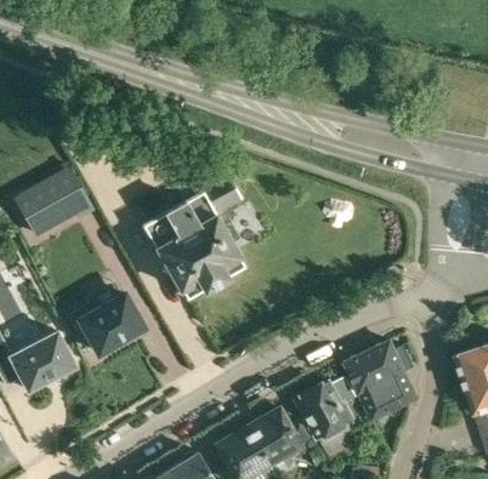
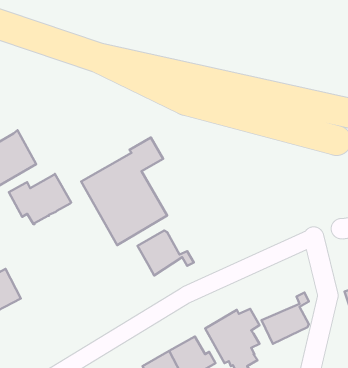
building: none -> [138,230,194,275]
building: [68,293,142,353] -> [9,174,71,224]
building: [344,342,408,390] -> none

